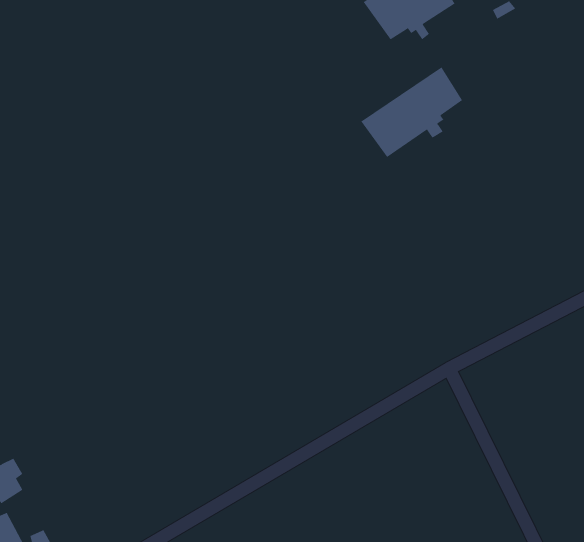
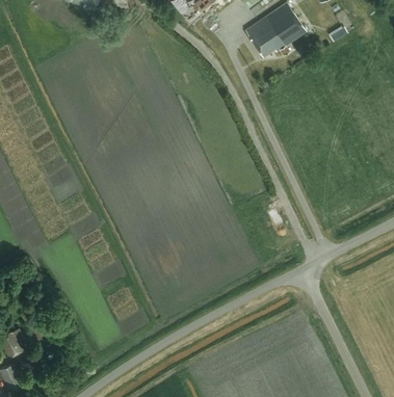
building: [361,67,463,158] -> none

